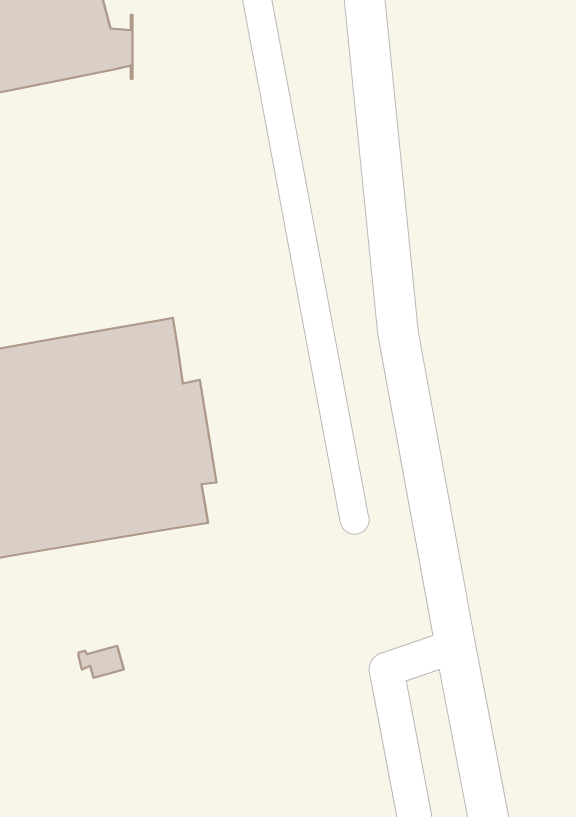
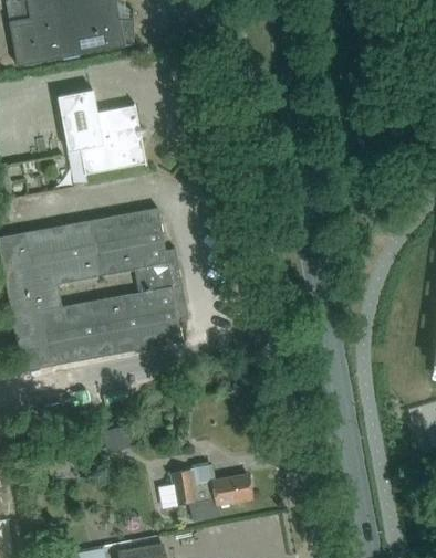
building: none -> [58,91,147,182]
building: none -> [170,467,252,518]

